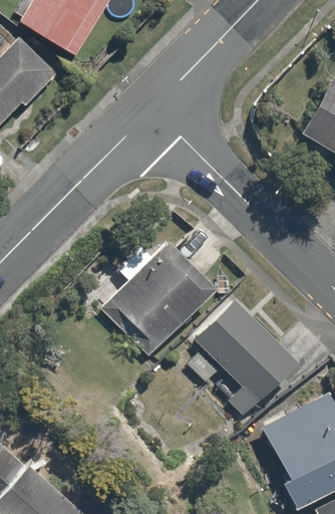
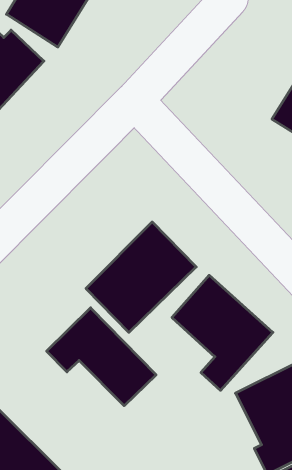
building: none -> [47,308,156,406]

